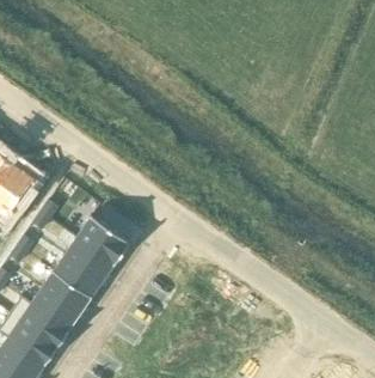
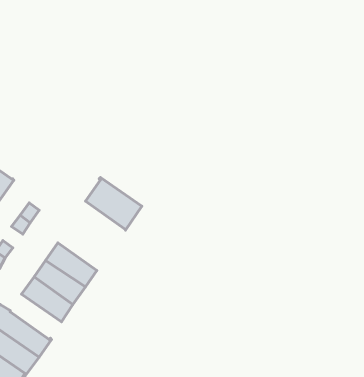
building: [81,211,135,261] -> [85,177,142,230]
building: [36,282,85,325] -> none

